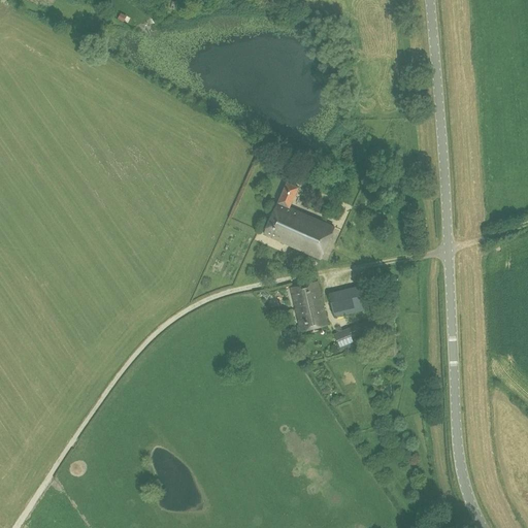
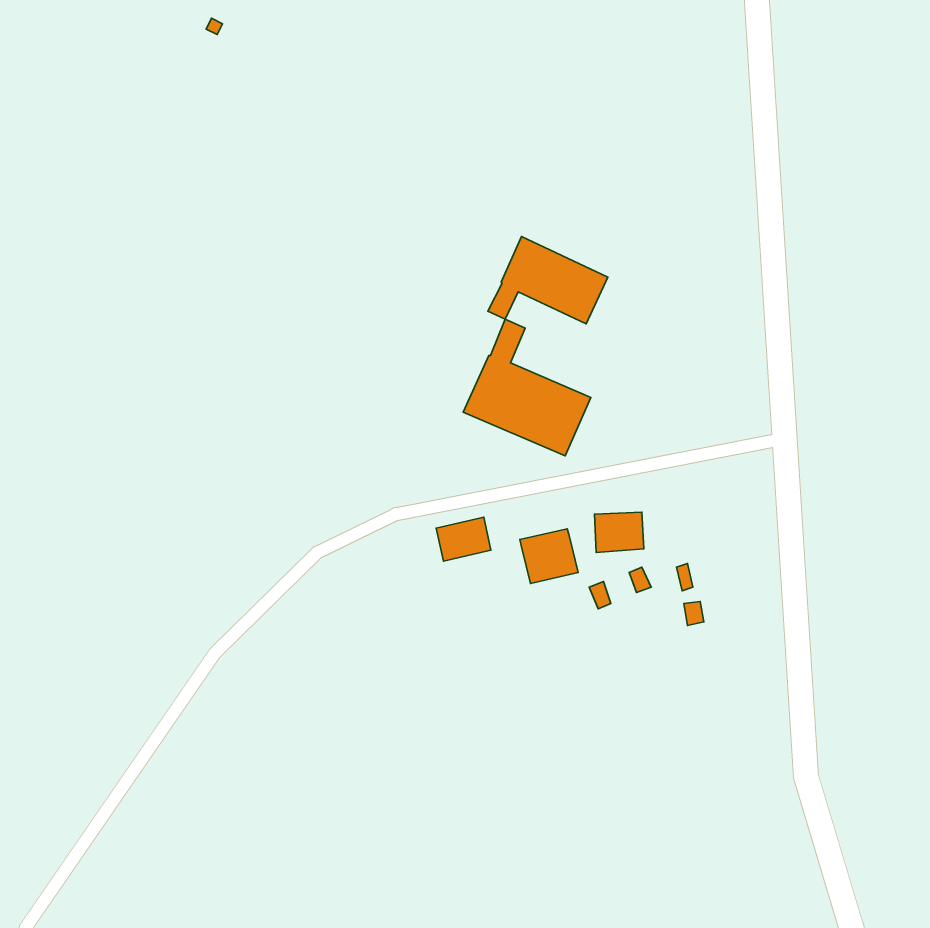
building: none -> [488,237,608,324]
building: [290,280,321,305] -> [436,517,491,561]

